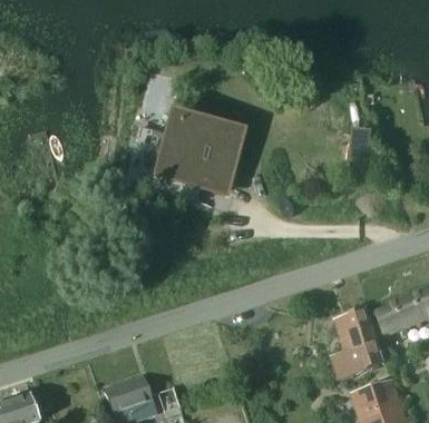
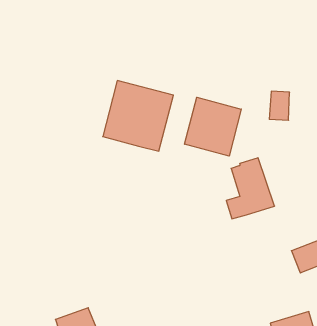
building: none -> [185,97,241,156]
building: [330,306,386,376] -> [226,158,275,219]

